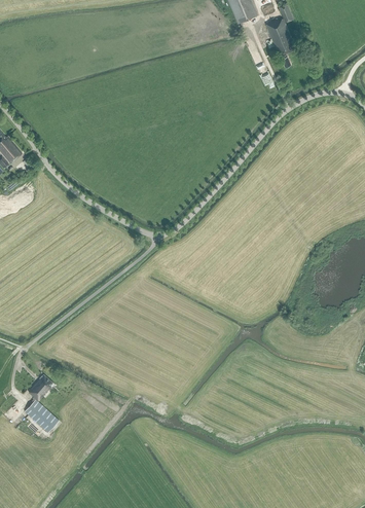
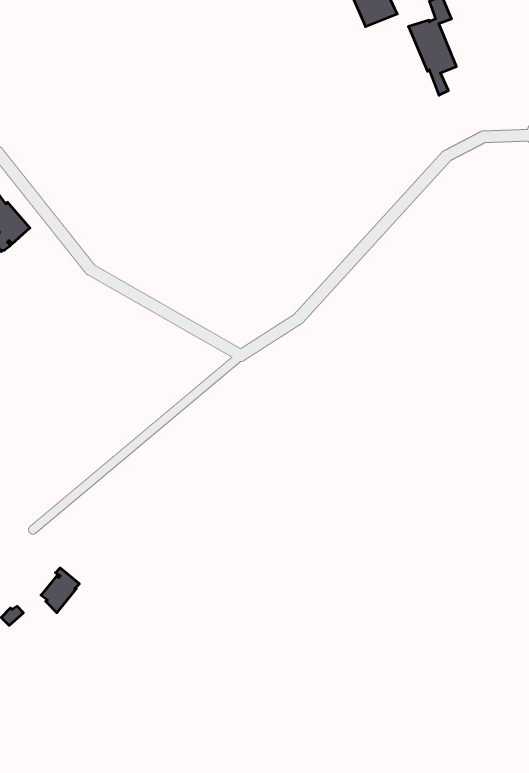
building: [24,398,58,432] -> none

